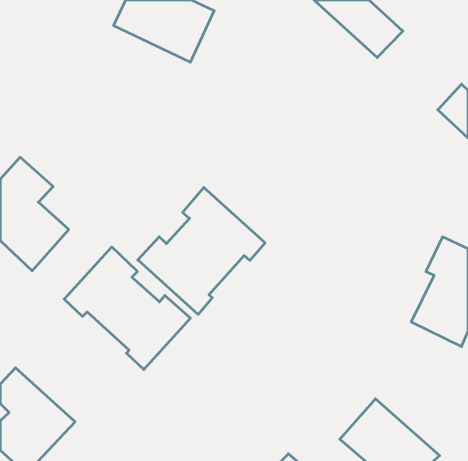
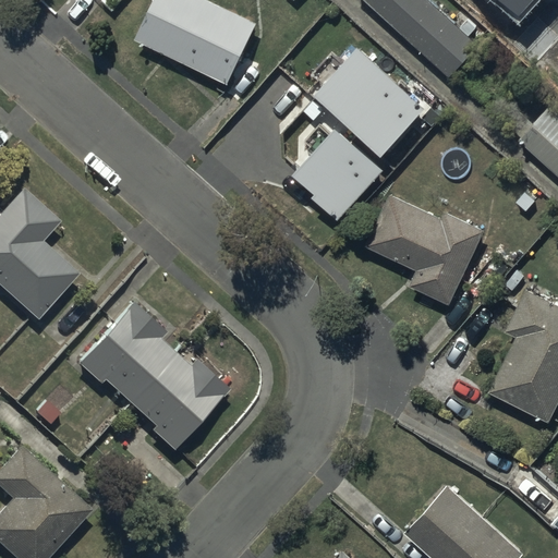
building: none -> [318,53,427,161]
building: none -> [298,135,385,227]
building: none -> [366,193,484,303]
building: [138,187,265,314] -> none

